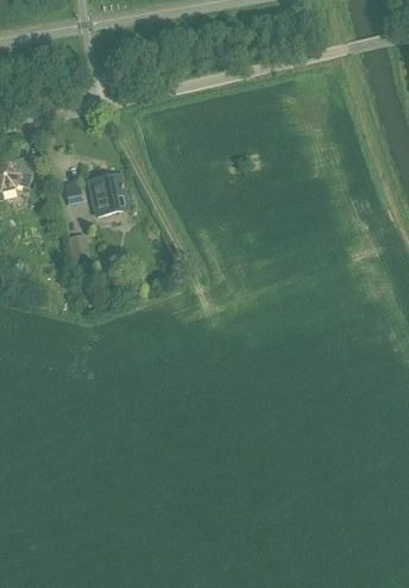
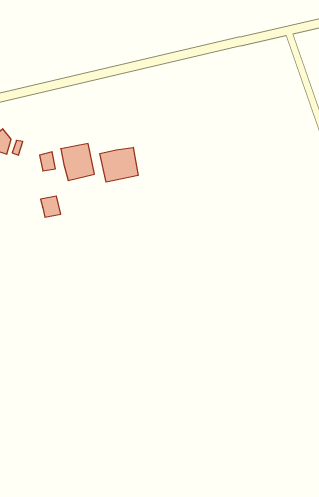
building: none -> [100,147,138,182]

